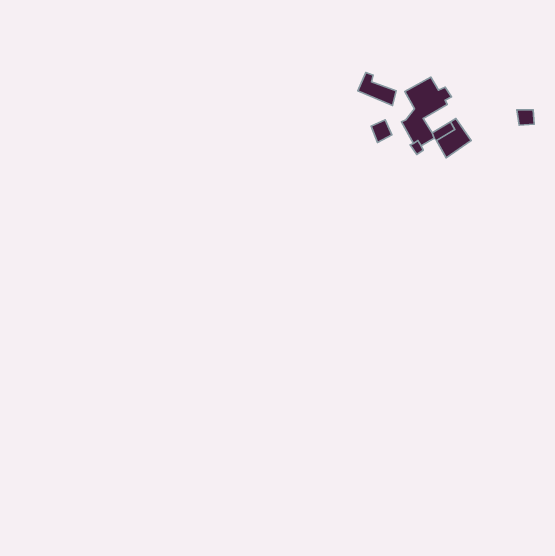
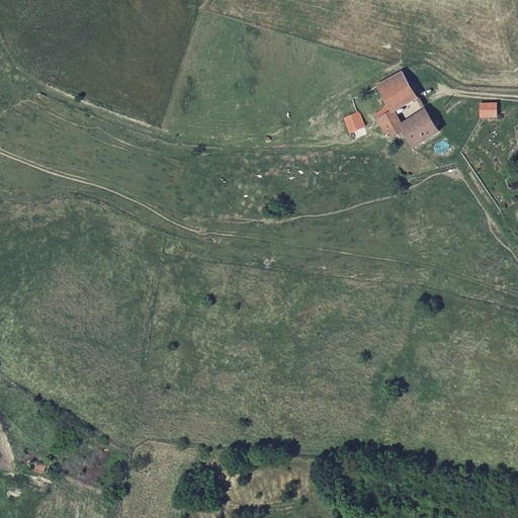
building: [358,73,396,106] -> none

